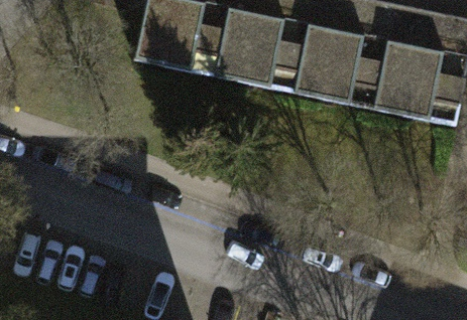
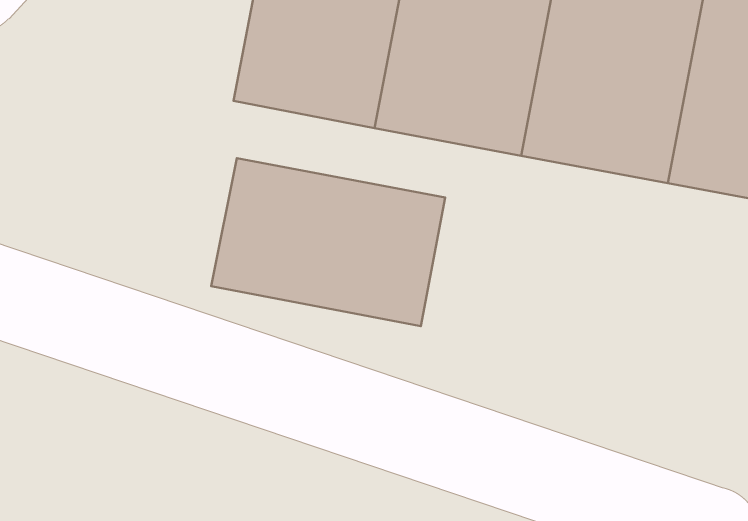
building: none -> [211,158,445,326]

